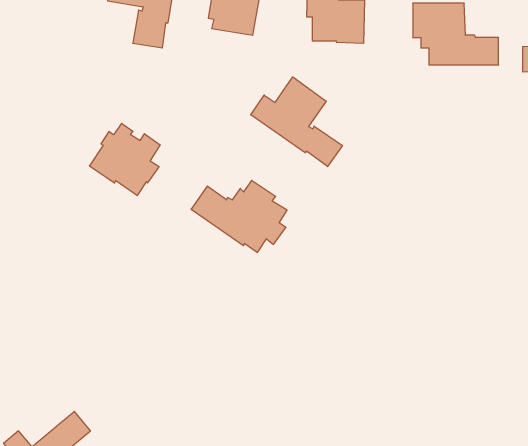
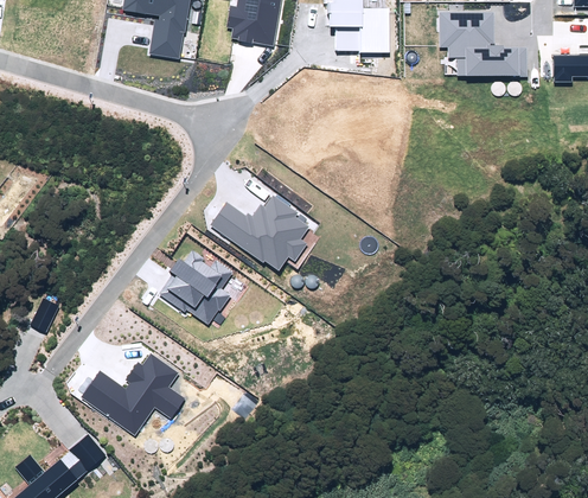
building: [251,77,342,167] -> none
building: [89,123,160,195] -> [158,249,231,324]
building: none -> [79,352,185,435]

